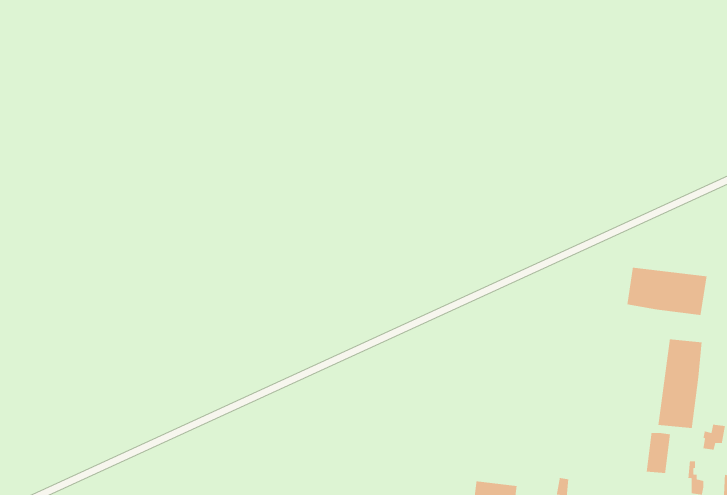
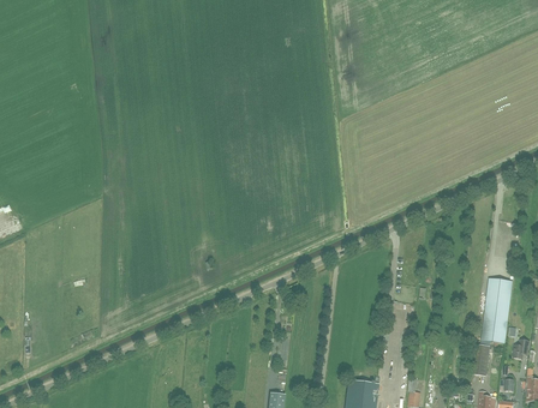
building: [626,267,708,316] -> none

